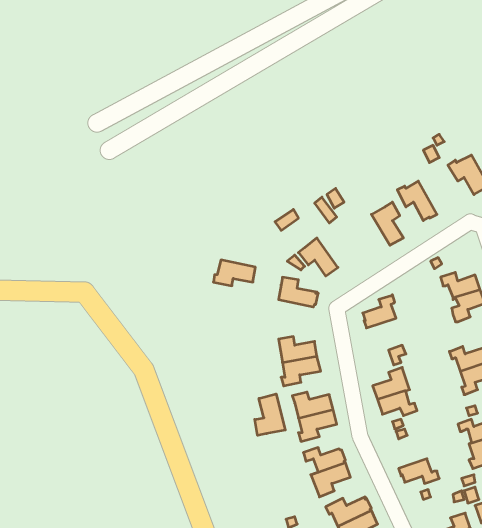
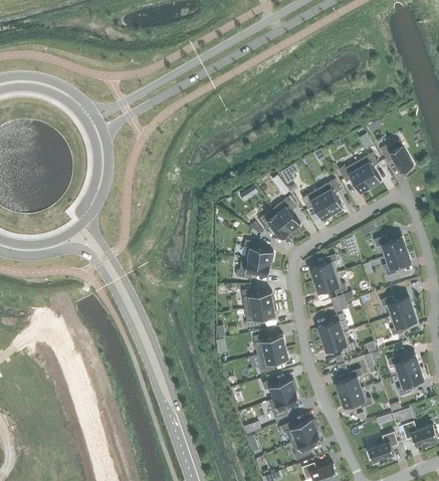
building: none -> [356,153,381,189]
building: none -> [301,189,333,220]
building: none -> [273,197,300,232]
building: [213,260,255,286] -> [236,258,270,279]
building: none -> [313,273,347,293]
building: [255,394,285,435] -> none
building: none -> [337,369,363,396]

